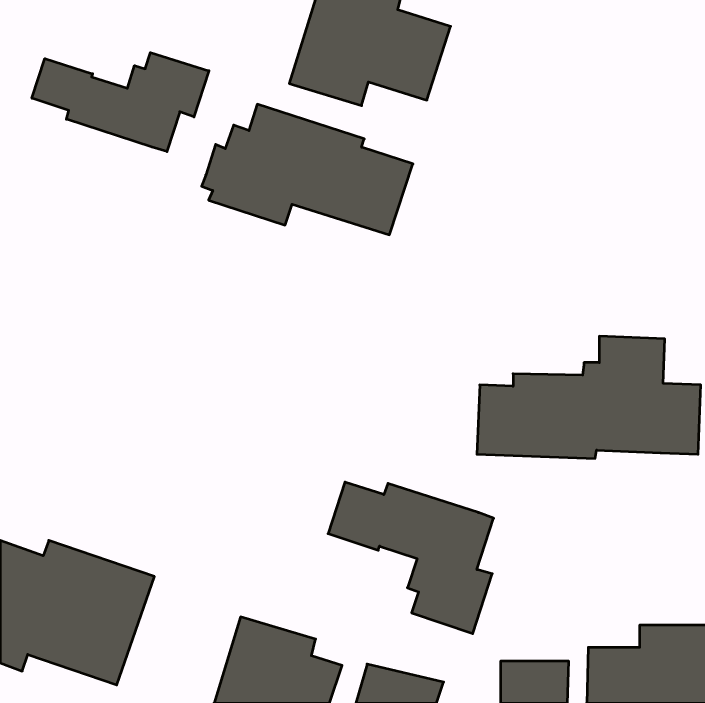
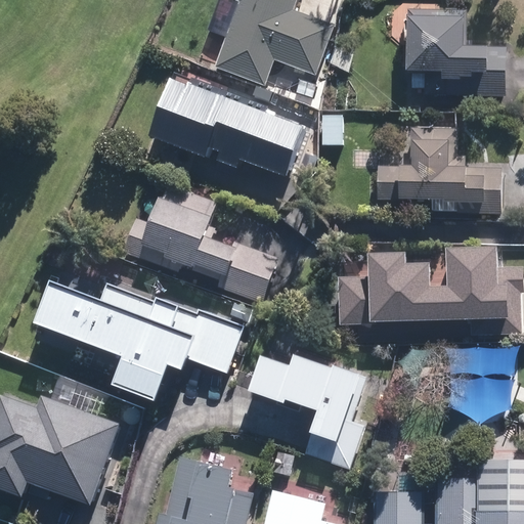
building: none -> [402,17,506,95]
building: [32,53,209,152] -> none
building: none -> [377,125,500,212]
building: none -> [126,182,280,300]
building: none -> [31,281,243,401]

